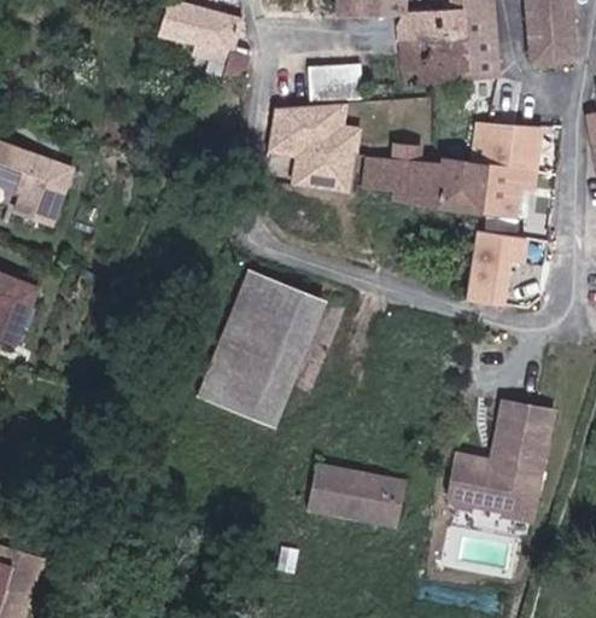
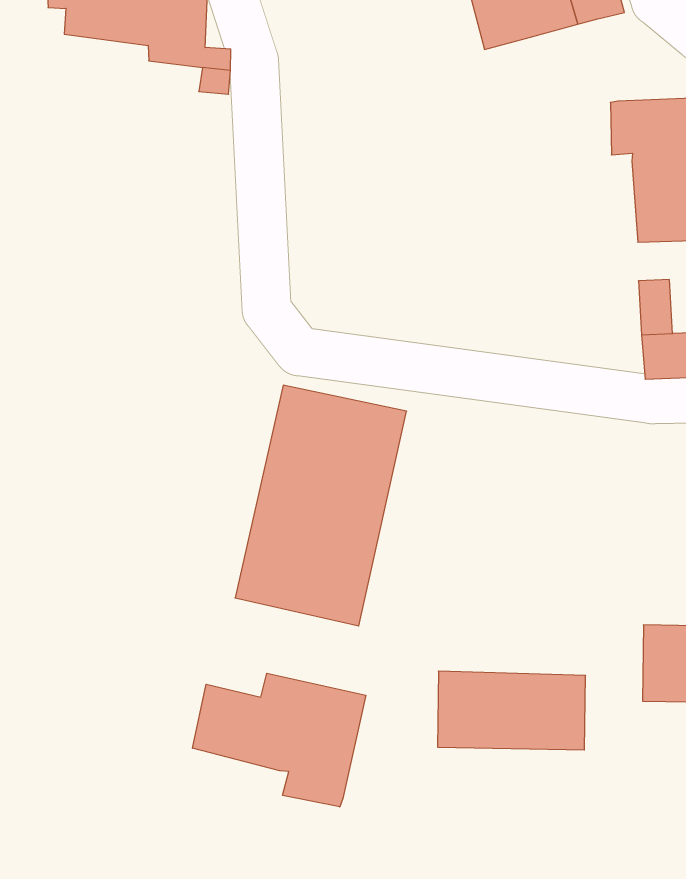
building: [308,60,358,95] -> none
building: [268,98,358,187] -> none
building: [373,152,489,216] -> none
building: none -> [193,673,366,807]

